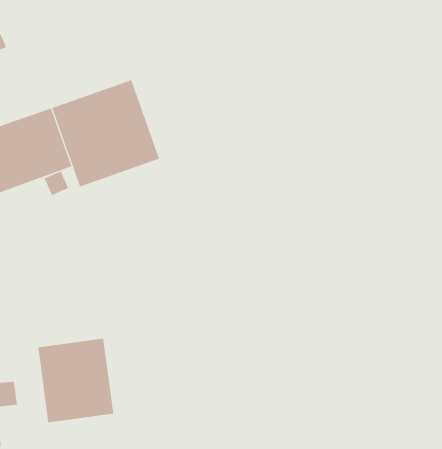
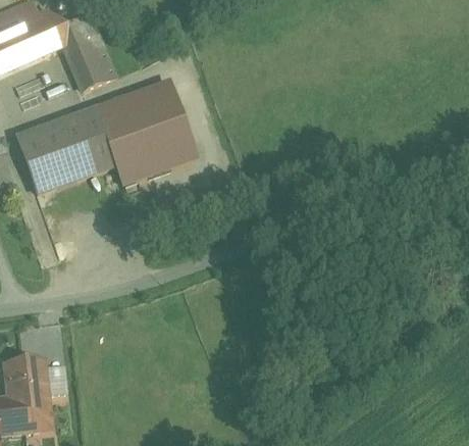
building: none -> [55,10,116,88]
building: [38,338,114,423] -> none

